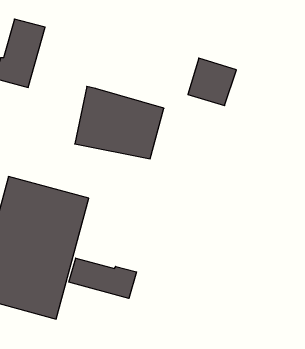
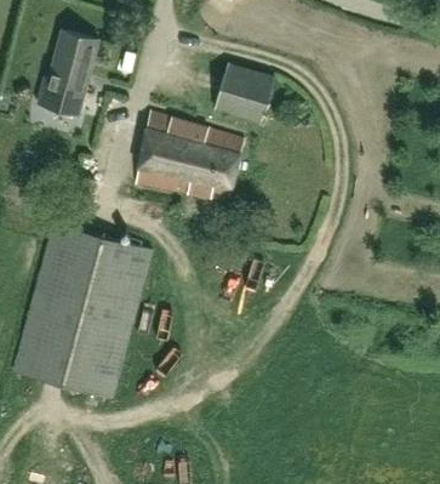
building: [188,58,236,106] -> [213,63,273,121]
building: [69,258,137,298] -> none

